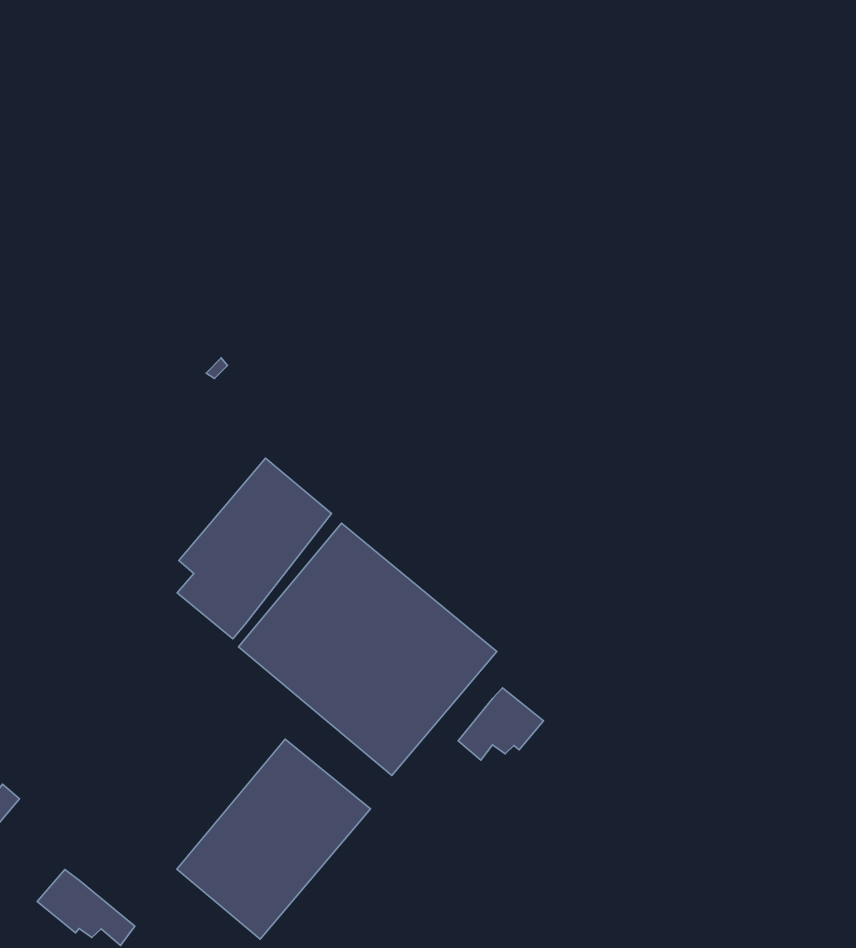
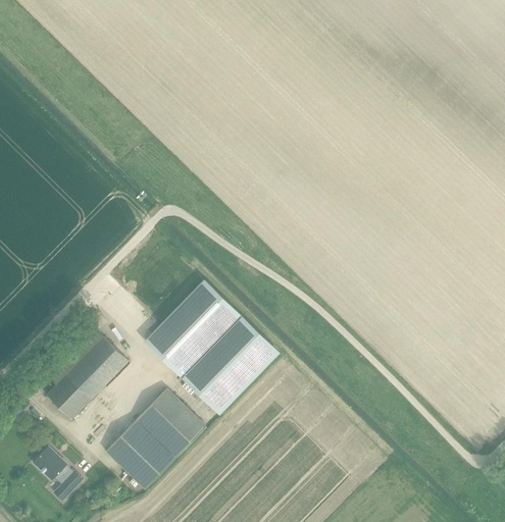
building: [177,458,332,639] -> [47,329,129,420]
building: [458,688,543,760] -> none

